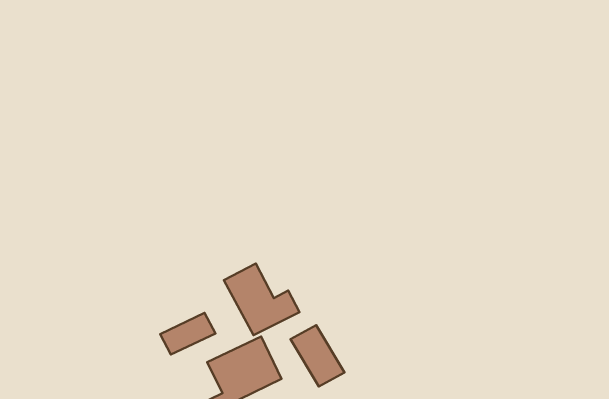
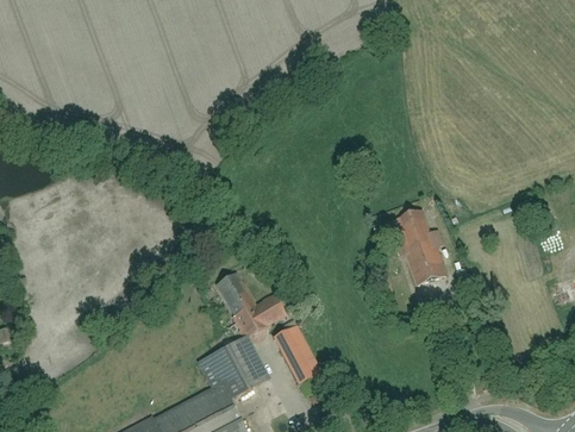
building: none -> [373,208,450,286]
building: [160,313,215,355] -> none

